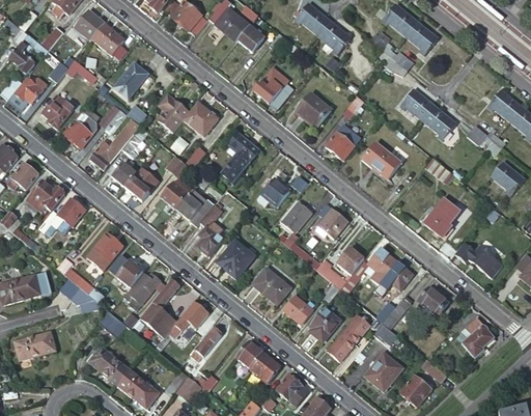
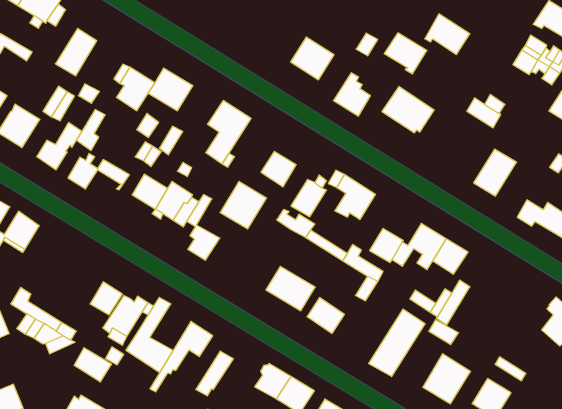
building: [253,67,292,109] -> none
building: [424,107,457,140] -> [384,33,427,74]
building: [124,173,152,201] -> none
building: [81,231,121,274] -> none
building: [217,240,254,277] -> [220,182,267,229]
building: [417,286,448,316] -> none
building: [310,307,340,341] -> none

